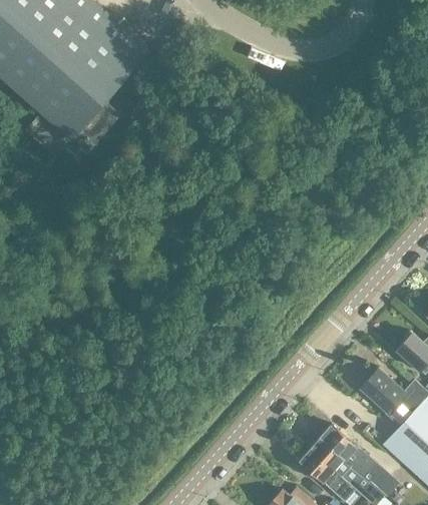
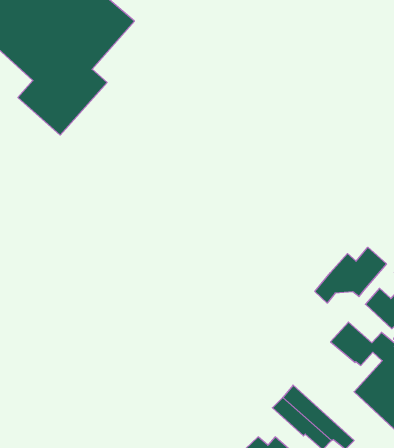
building: none -> [315,247,386,303]
building: [319,424,396,495] -> none

